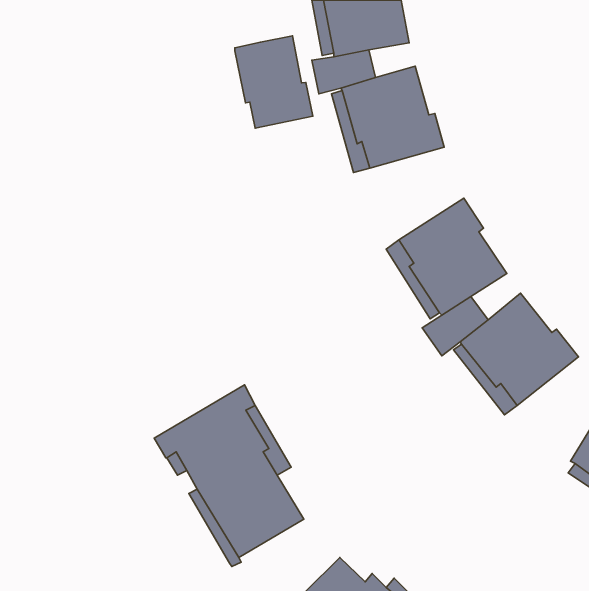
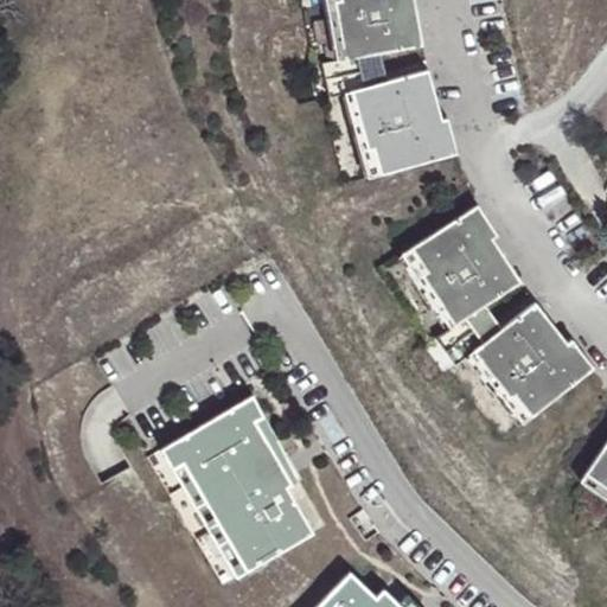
building: [235,36,313,128] -> none

